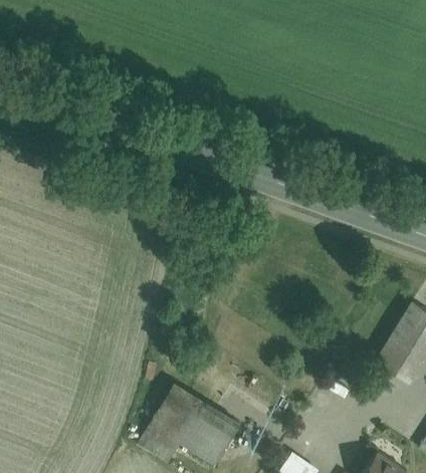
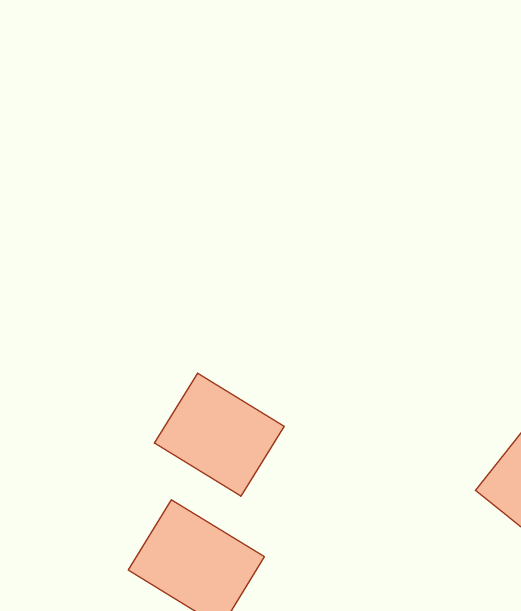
building: none -> [154,373,284,496]

